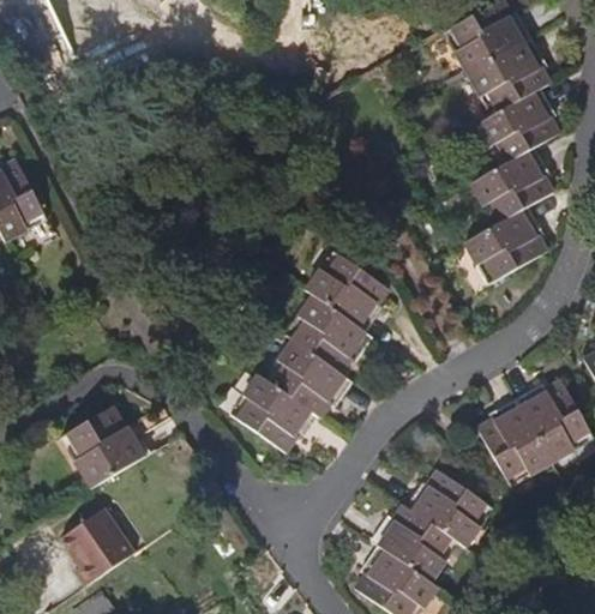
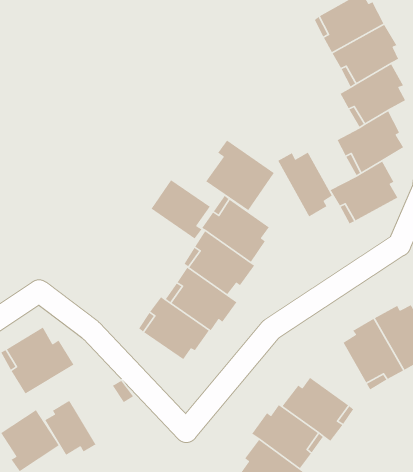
building: none -> [205,140,275,211]
building: none -> [277,152,333,218]
building: none -> [151,179,211,240]
building: none -> [44,400,97,456]

